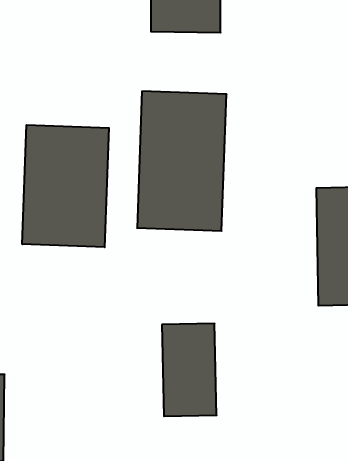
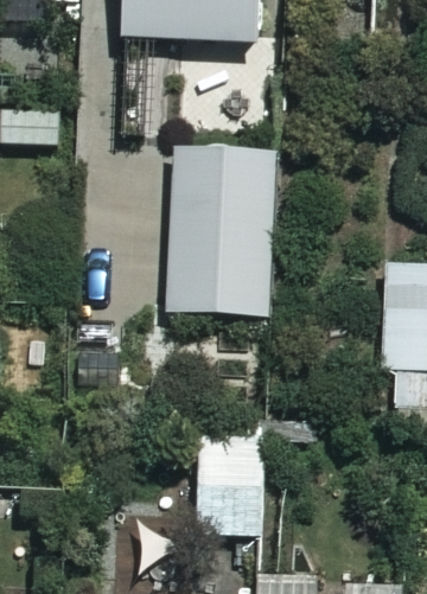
building: [22,125,109,247] -> none

